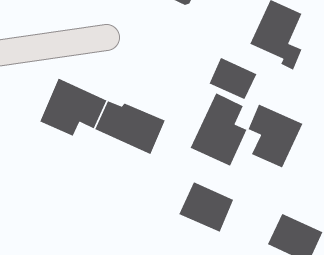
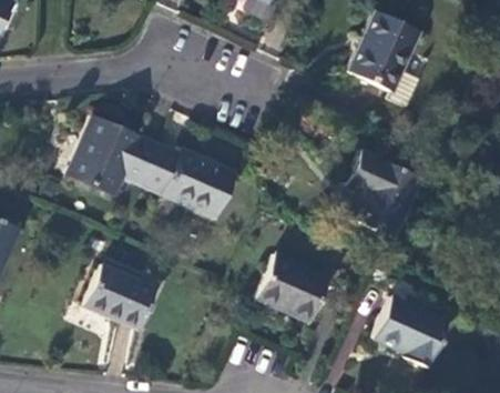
building: [209,57,257,100] -> none
building: [189,92,248,167] -> none
building: none -> [84,264,157,330]

